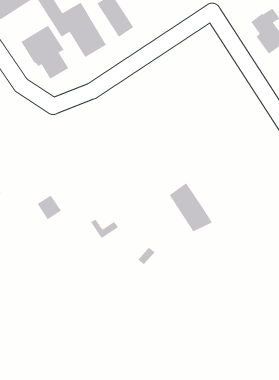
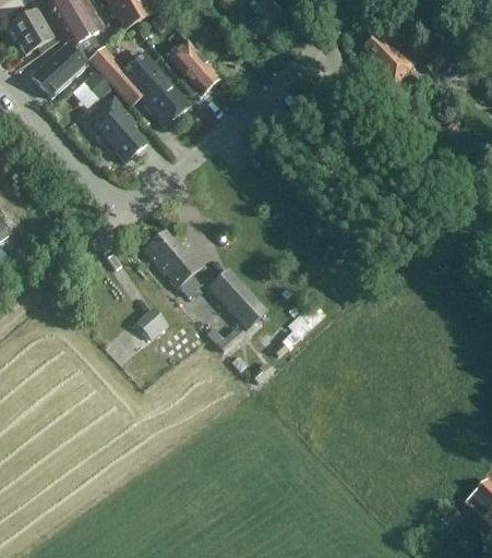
building: none -> [142,229,202,294]
building: [169,183,213,232] -> [207,268,268,329]

